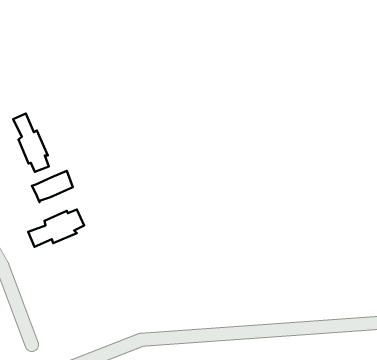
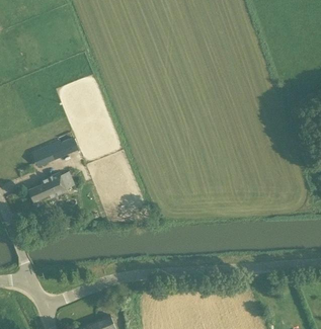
building: [13,114,49,172] -> none

